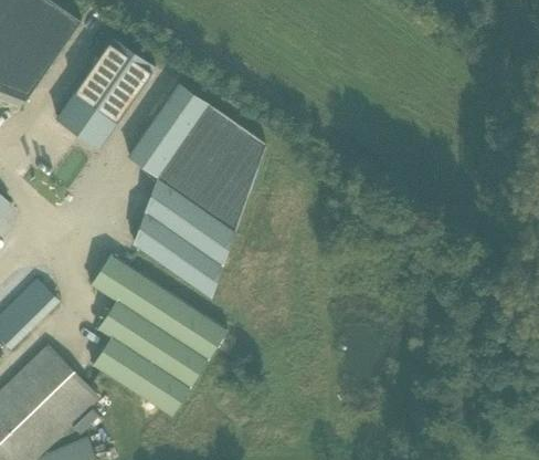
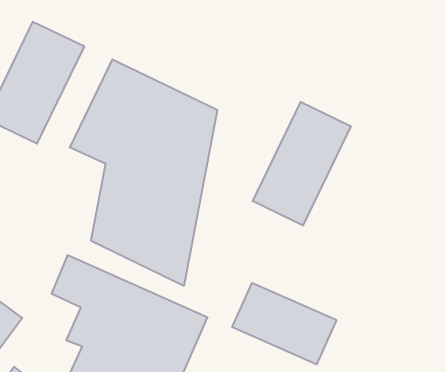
building: none -> [253,102,351,226]
building: none -> [232,283,336,364]

